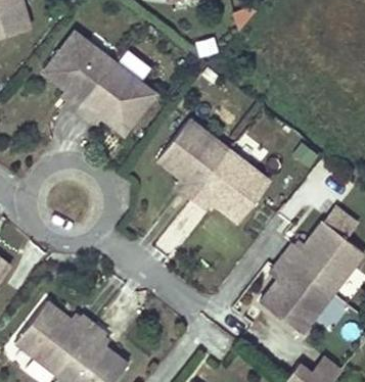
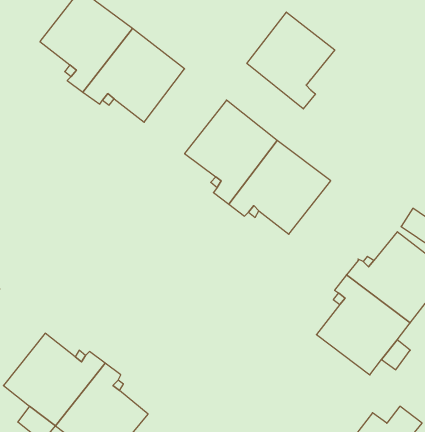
building: none -> [247,12,335,109]

